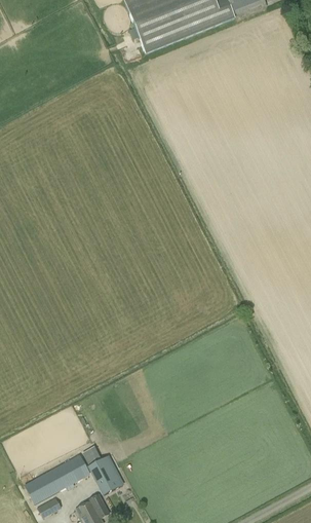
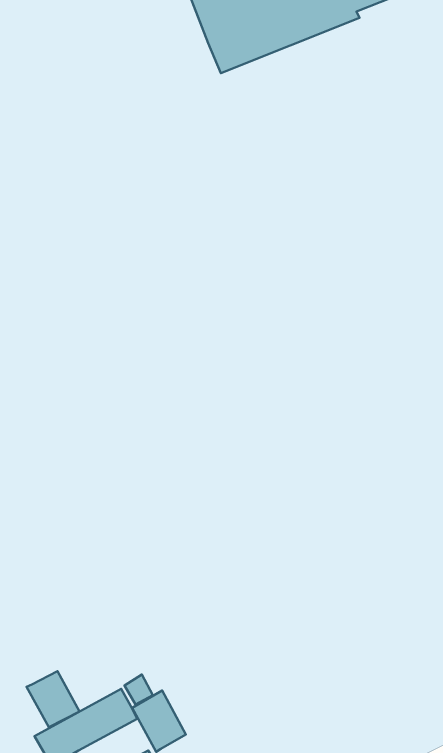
building: none -> [27,671,80,727]

